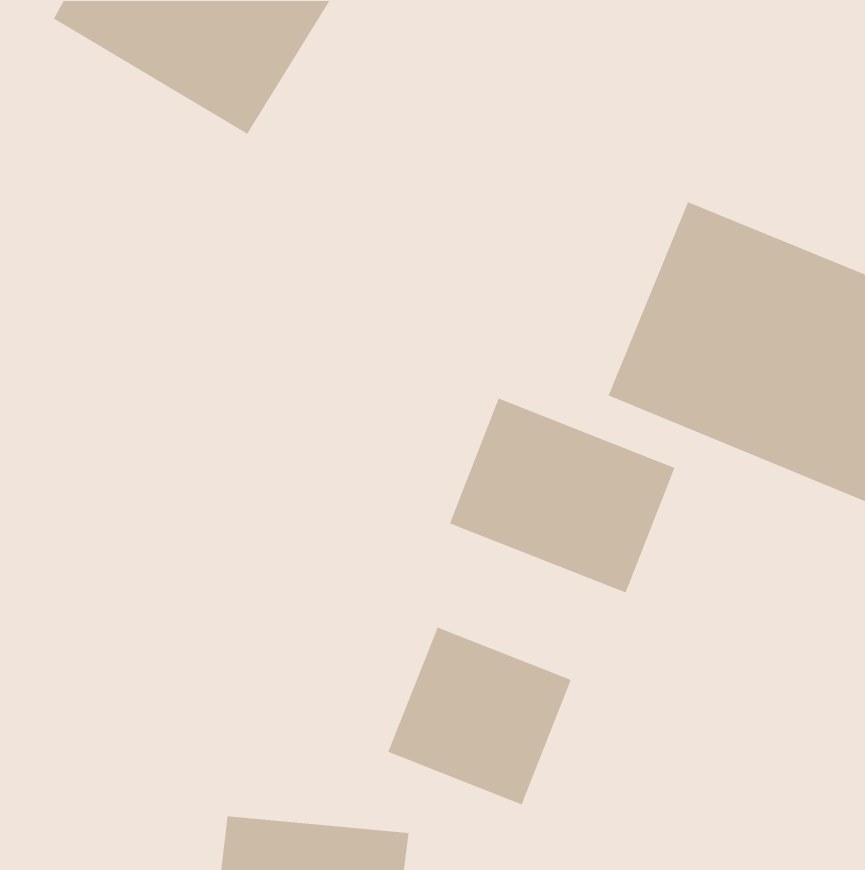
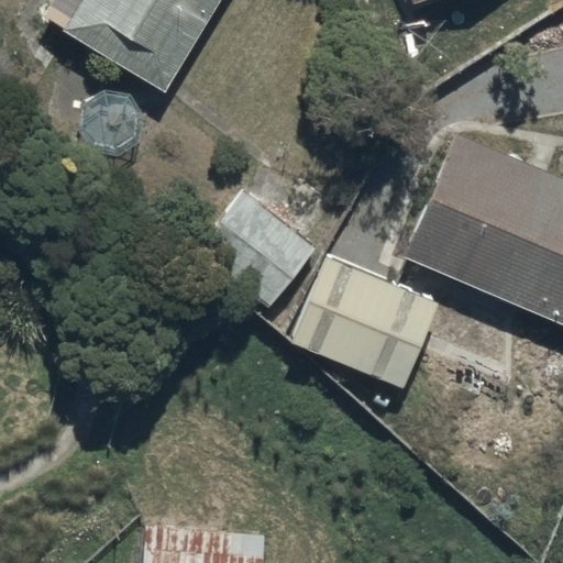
building: none -> [198,192,317,308]
building: [387,626,572,805] -> none

